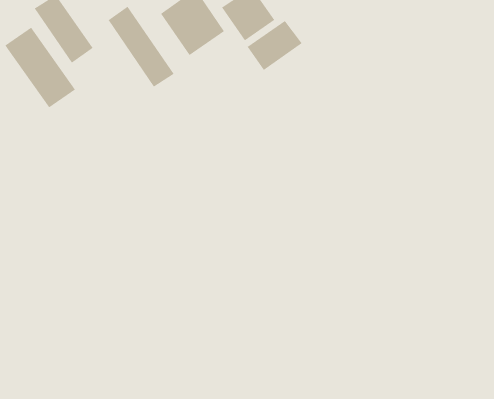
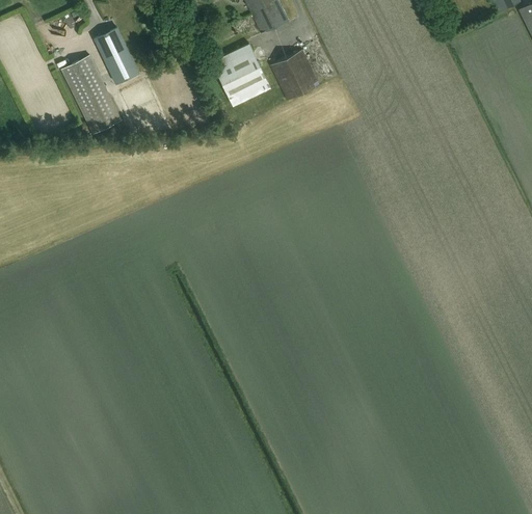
building: [108,6,174,87] -> none
building: [247,20,302,71] -> none

